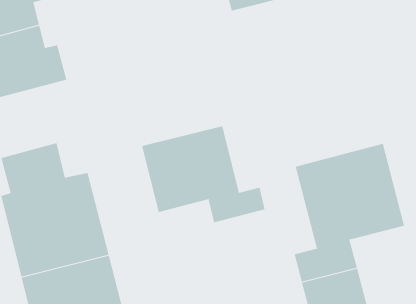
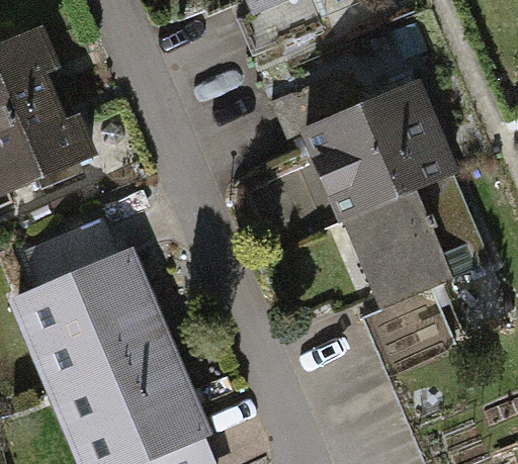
building: none -> [278,72,451,214]
building: [142,125,265,223] -> none

